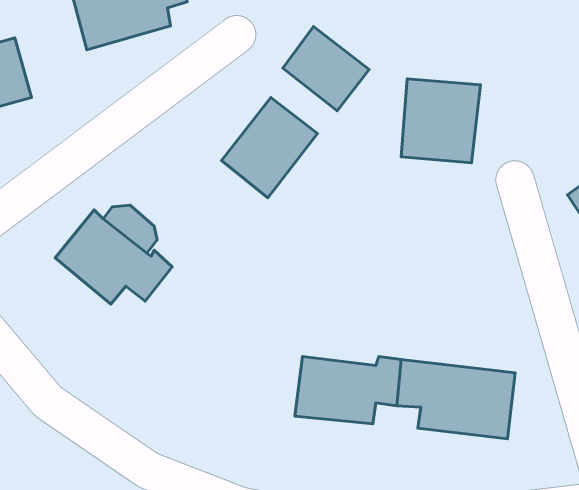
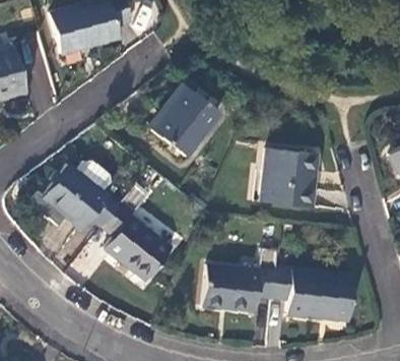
building: [283,26,369,111] -> none
building: [401,79,480,163] -> [264,148,318,205]
building: none -> [104,181,172,281]

